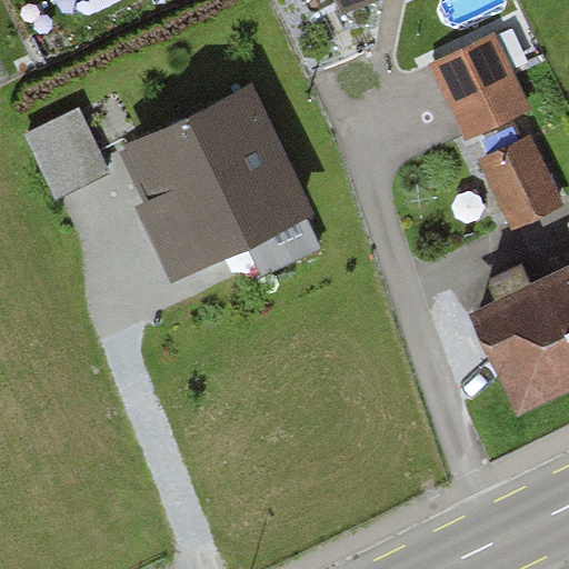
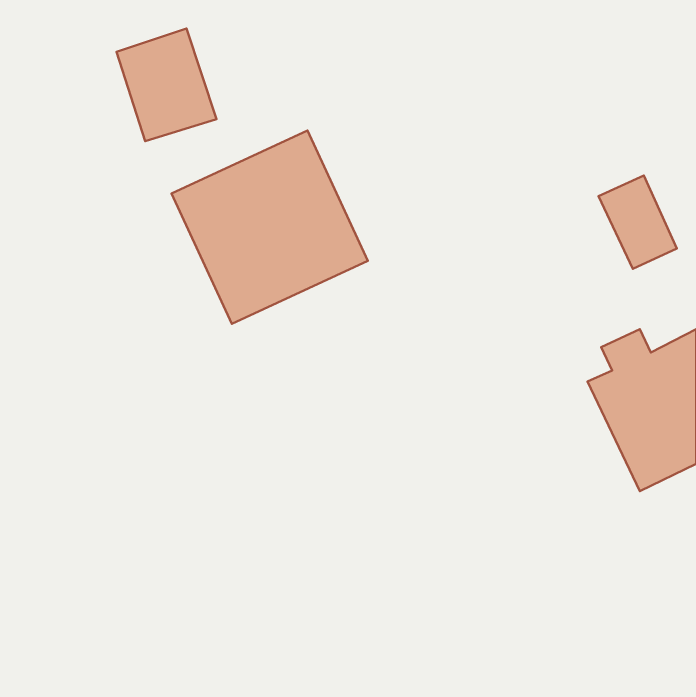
building: [431,41,522,139] -> none
building: [31,106,112,197] -> [116,29,217,141]

